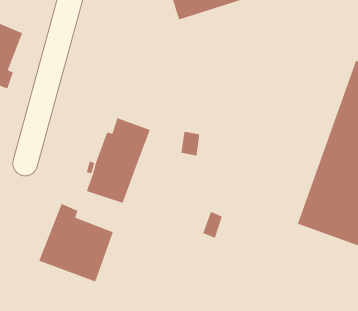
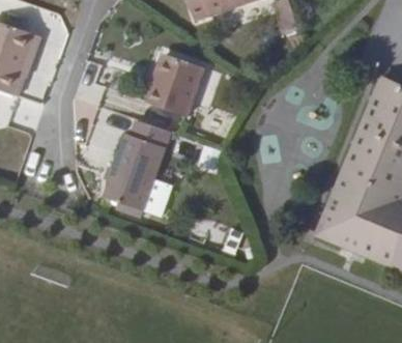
building: none -> [156,60,212,121]
building: [38,203,114,282] -> none

